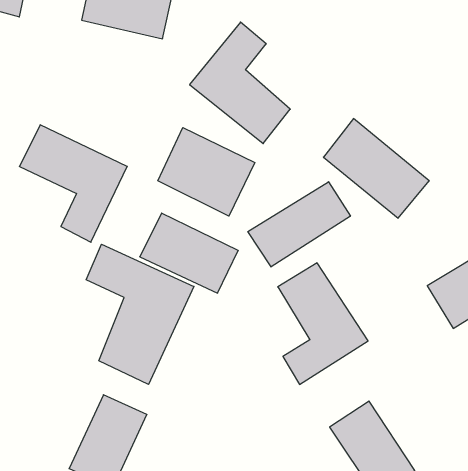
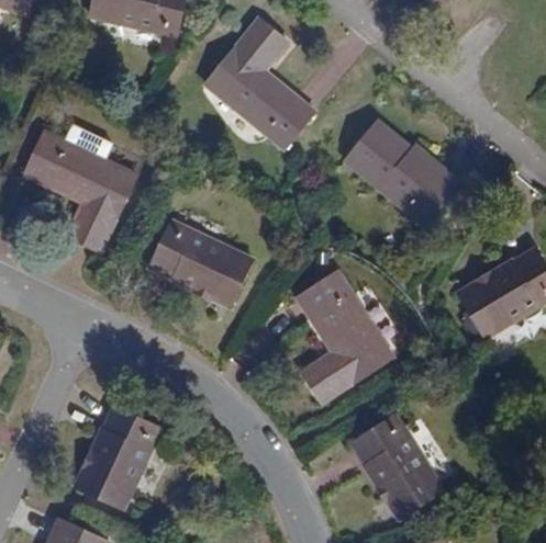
building: [158,128,255,216] -> none
building: [248,182,350,267] -> none
building: [86,244,194,384] -> none

